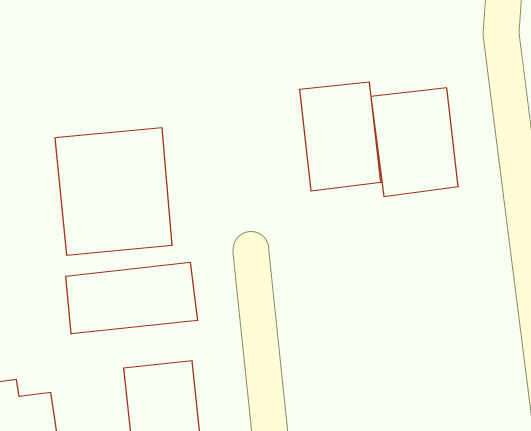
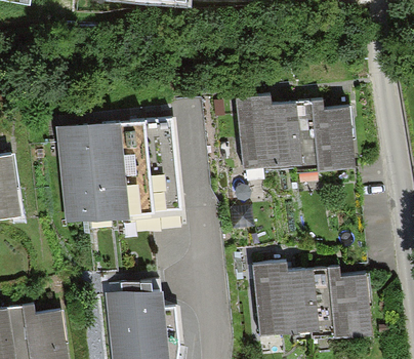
building: [66,262,198,334] -> none
building: none -> [256,265,310,334]
building: none -> [313,272,369,337]

